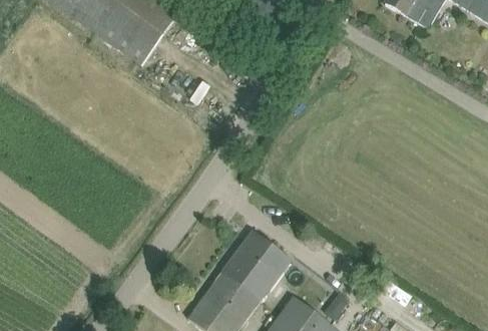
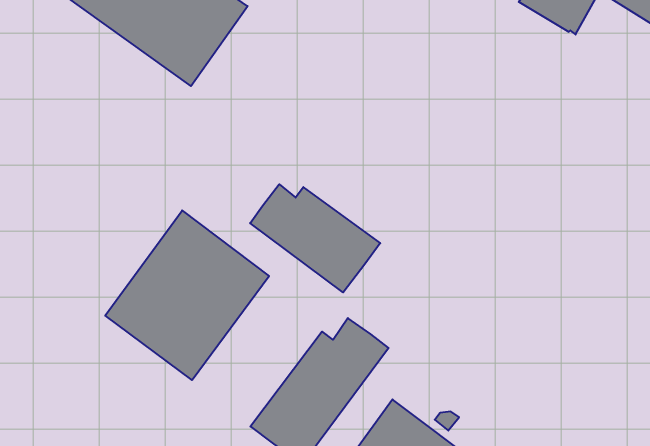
building: none -> [250,184,380,292]
building: none -> [105,210,269,380]

